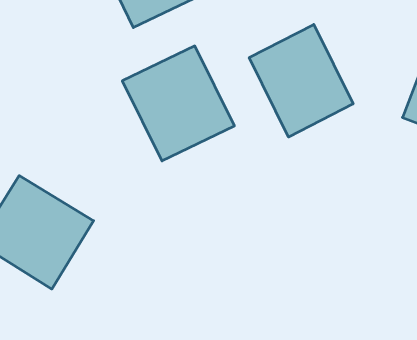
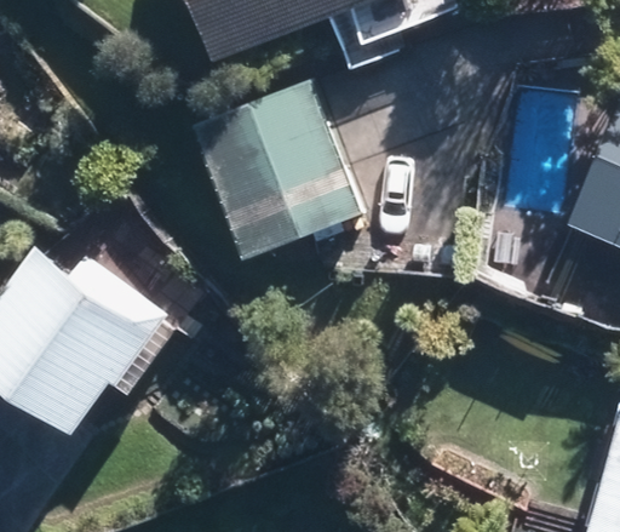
building: [249,24,353,137] -> none

